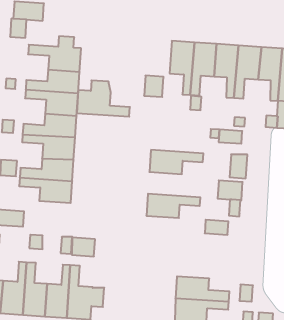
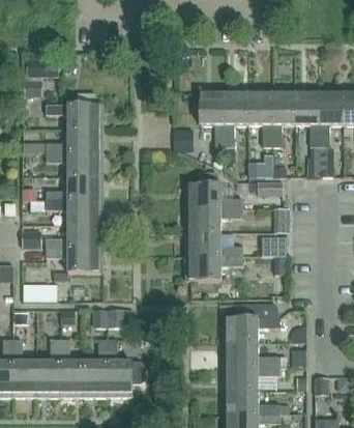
building: [77,80,130,117] -> [185,173,242,209]
building: none -> [185,233,242,257]
building: none -> [223,304,281,344]

